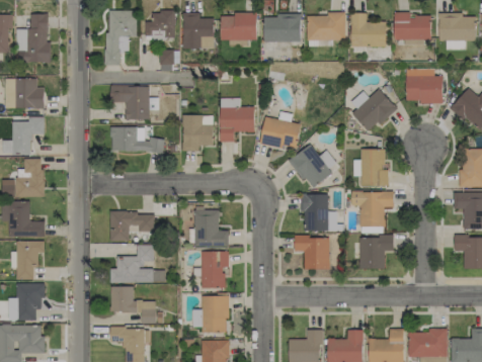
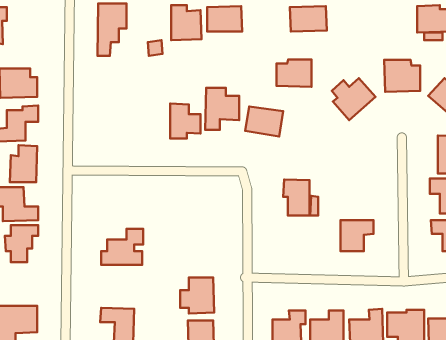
building: [145,12,174,38] -> none
building: [350,13,387,48] -> none
building: [394,13,431,40] -> none
building: [16,14,51,63] -> none
building: [264,14,301,42] -> [277,60,312,87]
building: [110,86,149,121] -> none
building: [110,127,163,153] -> none
building: [289,145,336,190] -> none
building: [352,150,388,187] -> none
building: [350,191,394,227] -> none
building: [193,209,229,248] -> none
building: [110,212,154,242] -> none
building: [295,237,329,270] -> none
building: [200,252,228,288] -> none
building: [16,283,46,322] -> none
building: [110,286,157,325] -> none

